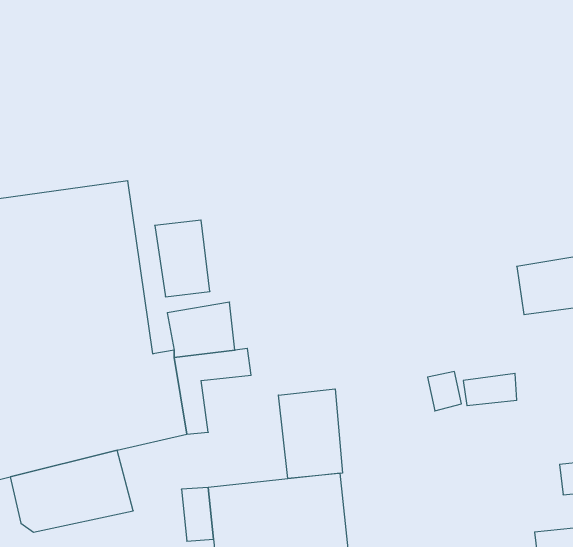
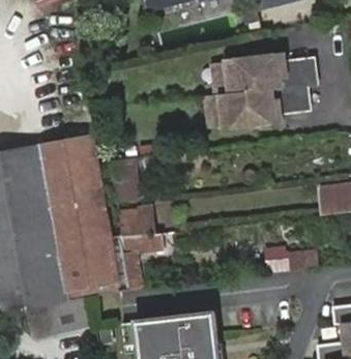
building: none -> [223,55,319,127]
building: [278,389,342,479] -> none

